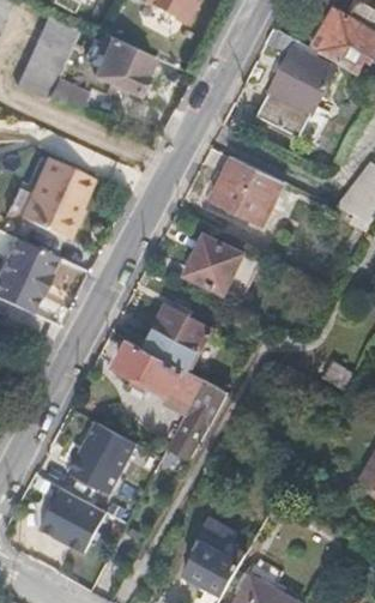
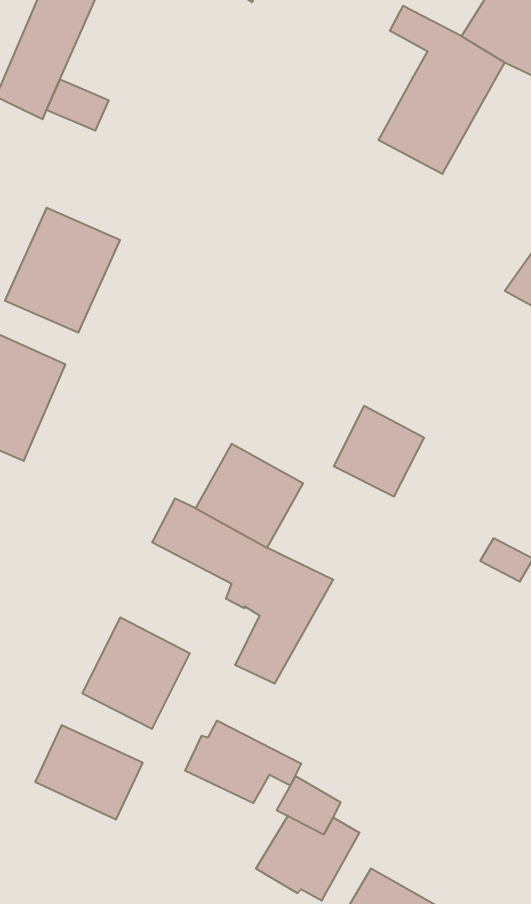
building: [91,35,151,94] -> none
building: [211,152,284,224] -> none
building: [186,237,243,295] -> [334,406,424,497]
building: none -> [185,721,301,803]

